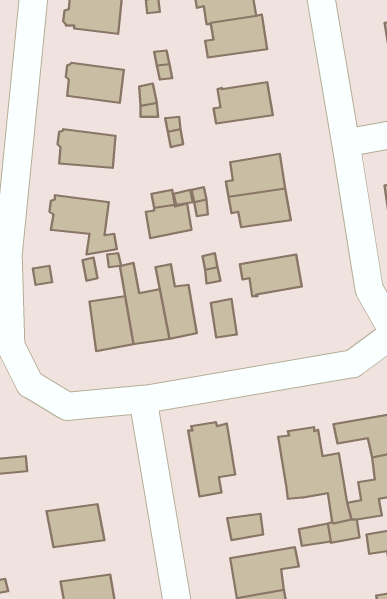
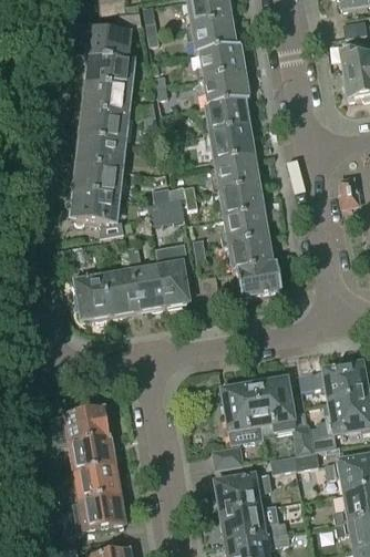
building: none -> [86,56,133,90]
building: none -> [198,73,250,105]
building: none -> [80,111,127,143]
building: none -> [205,126,256,164]
building: none -> [73,165,122,196]
building: none -> [222,210,269,246]
building: none -> [232,262,282,300]
building: none -> [74,274,109,319]
building: [188,422,235,497] -> [224,383,261,443]
building: none -> [49,408,110,447]
building: none -> [74,467,120,501]

